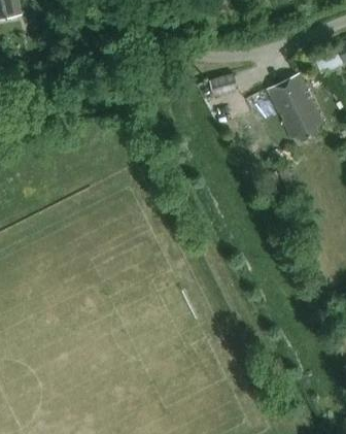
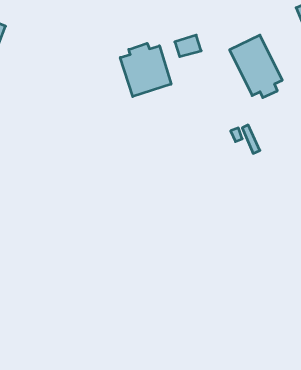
building: none -> [120,43,171,97]

